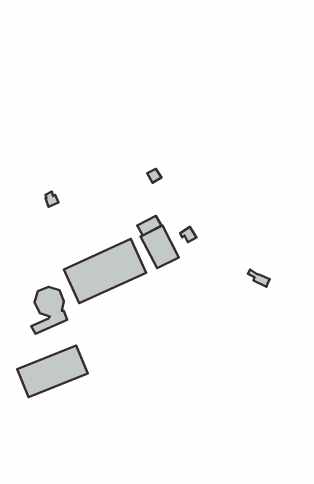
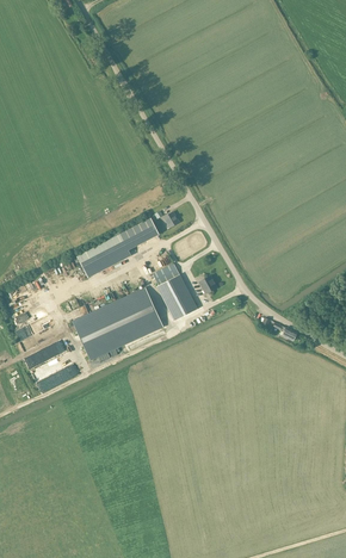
building: none -> [76,217,159,275]
building: [17,345,88,397] -> none

